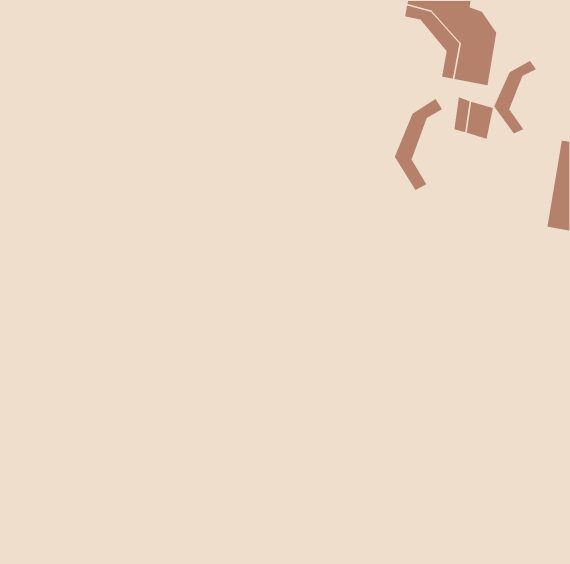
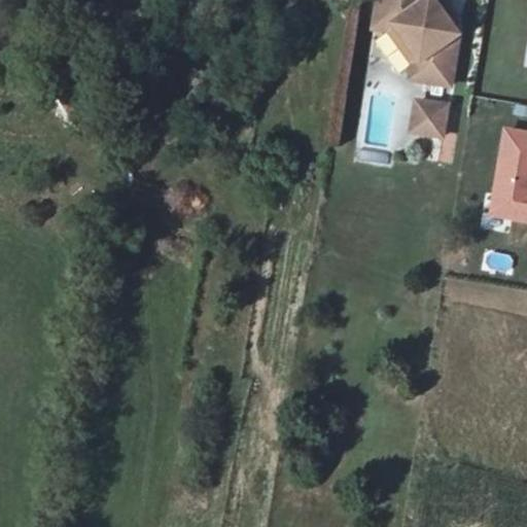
building: [493,60,537,135] -> none
building: [394,98,443,191] -> none

